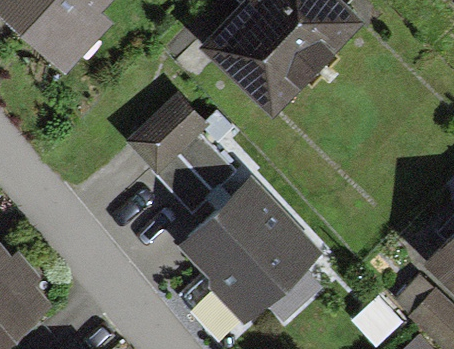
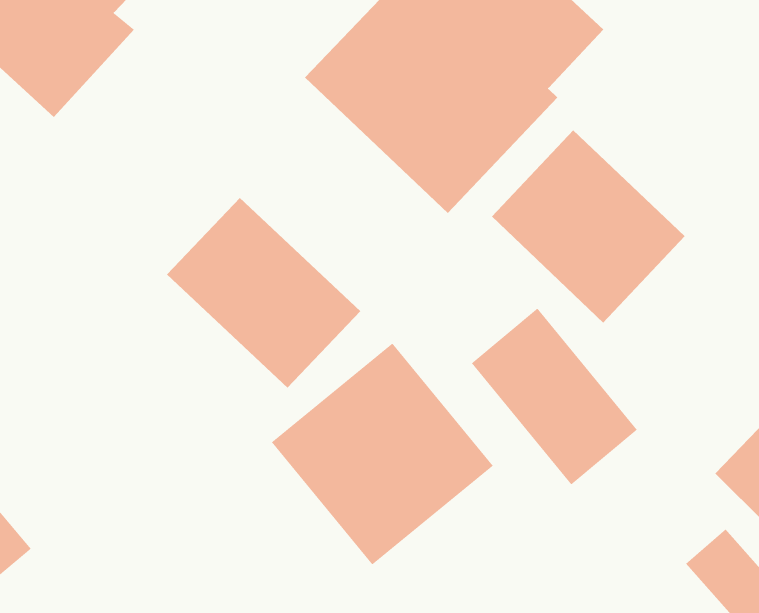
building: none -> [491,129,685,323]
building: none -> [471,308,638,486]

